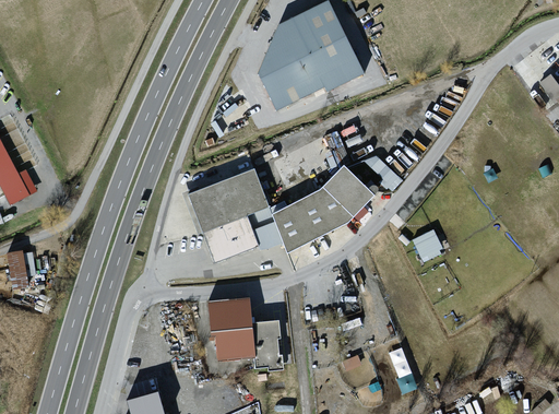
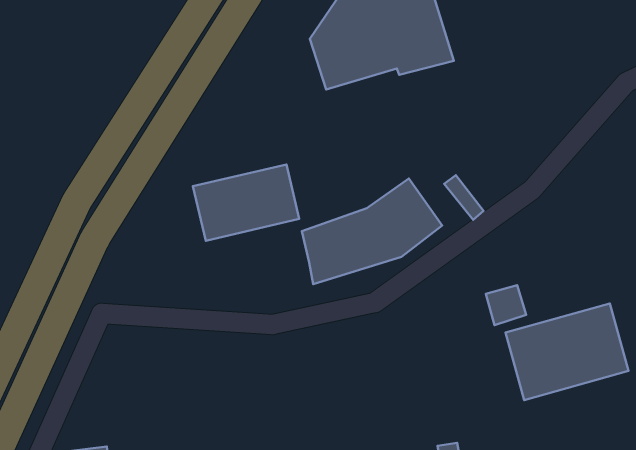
building: [204,205,282,261] -> none
building: none -> [505,303,629,400]
building: [205,295,282,370] -> none

